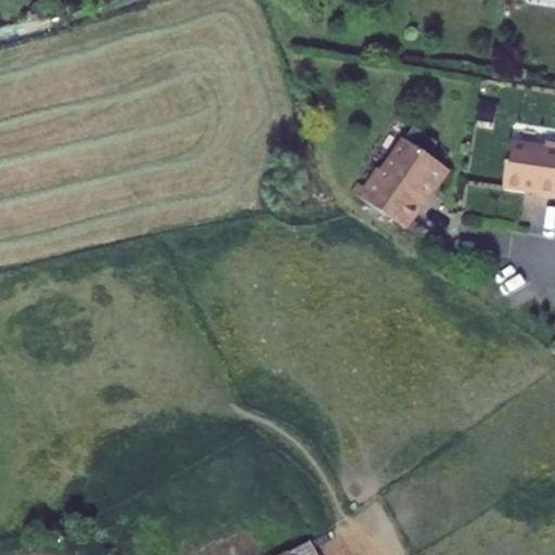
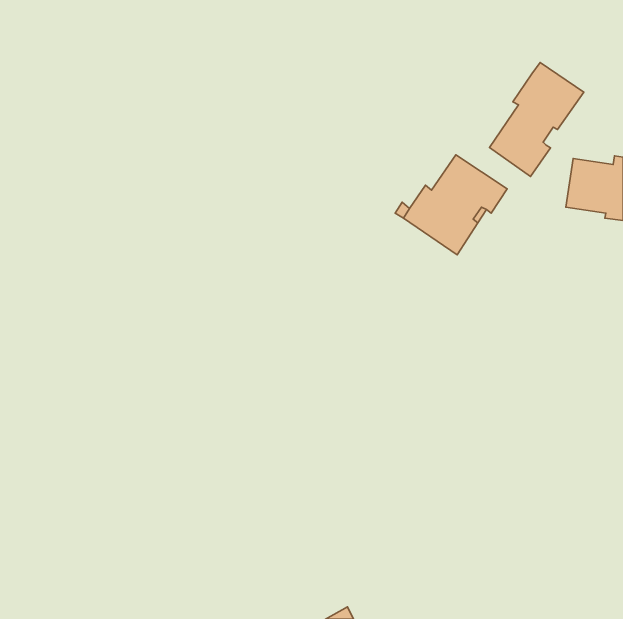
building: none -> [489,62,584,176]

